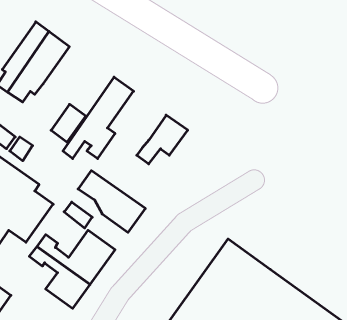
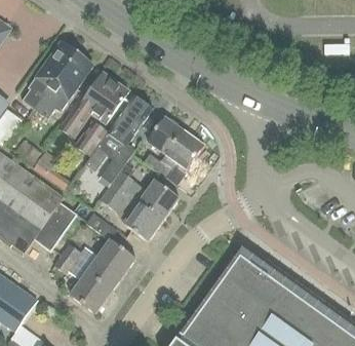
building: none -> [58,73,127,138]
building: none -> [147,117,183,154]
building: none -> [112,170,177,219]

